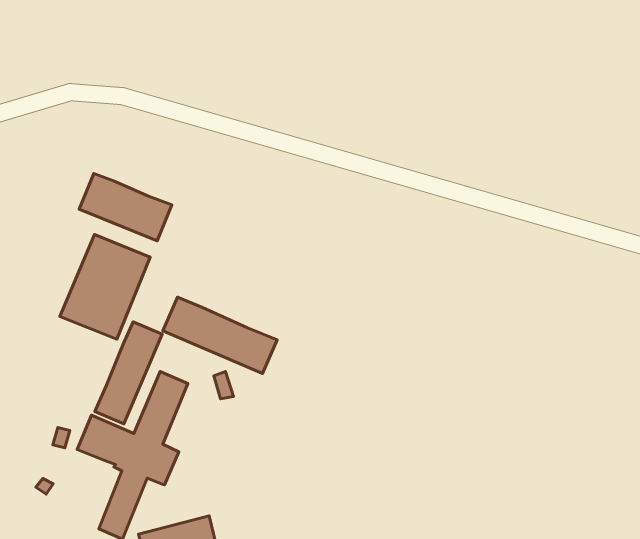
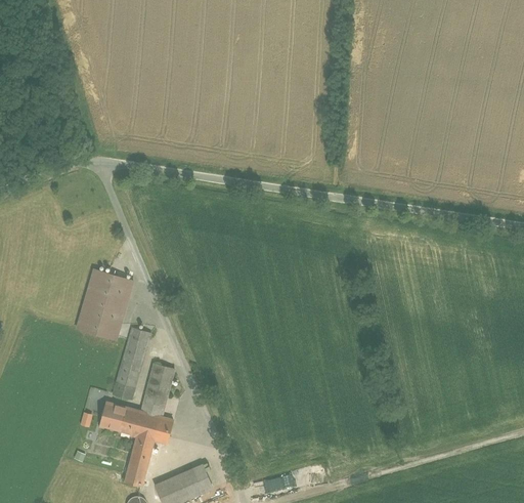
building: [79,173,172,241] -> none
building: [163,297,277,374] -> none

